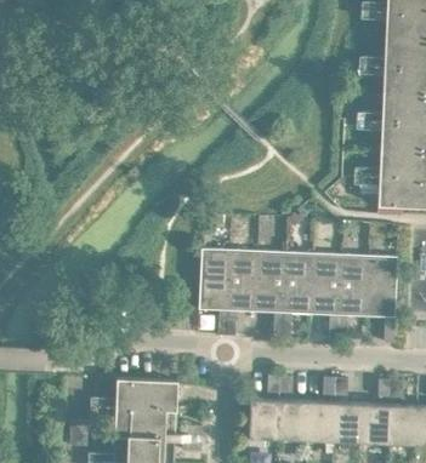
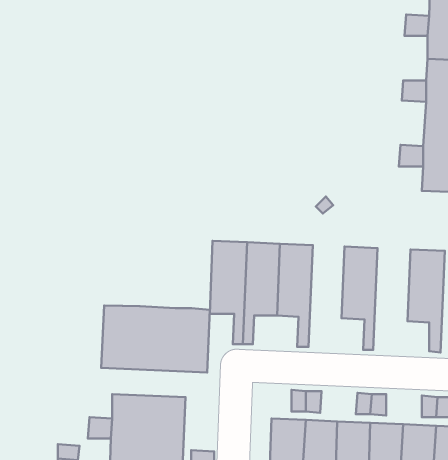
building: [283,252,313,338] -> none
building: [337,255,369,341] -> none
building: none -> [101,305,210,372]

